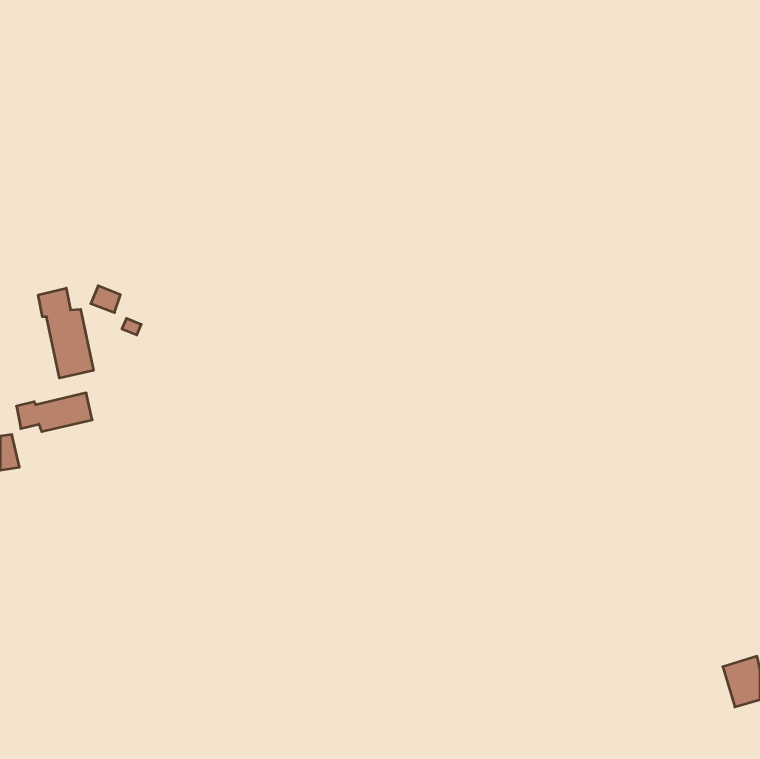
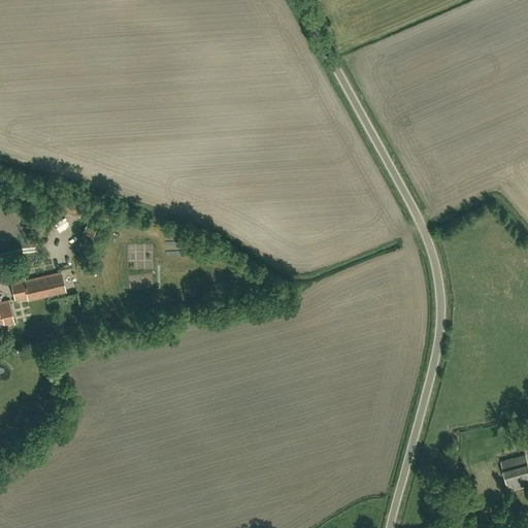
building: [38,288,93,378] -> none

